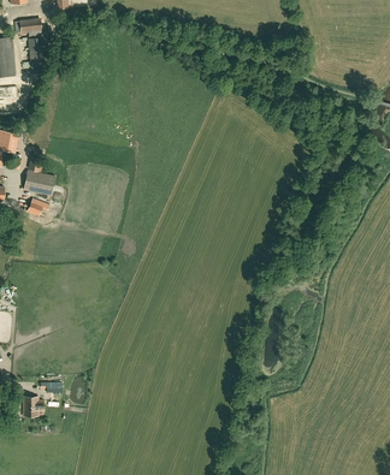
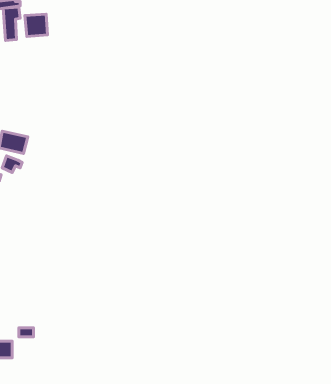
building: none -> [25,14,47,37]

